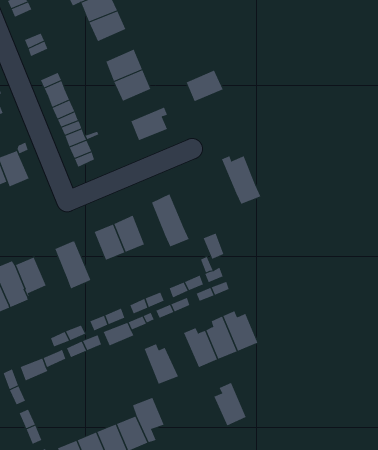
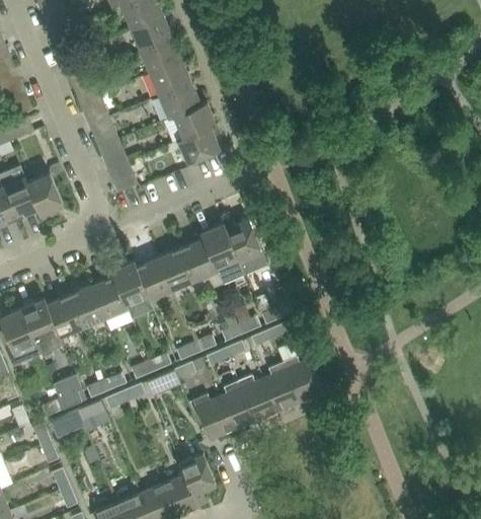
building: none -> [140,36,181,73]
building: [181,70,223,104] -> [168,102,216,141]
building: [221,156,261,205] -> [222,219,267,275]
building: none -> [180,233,216,281]
building: none -> [111,262,153,318]
building: none -> [68,286,104,327]
building: none -> [53,374,86,410]
building: [213,382,247,426] -> [217,381,254,431]

